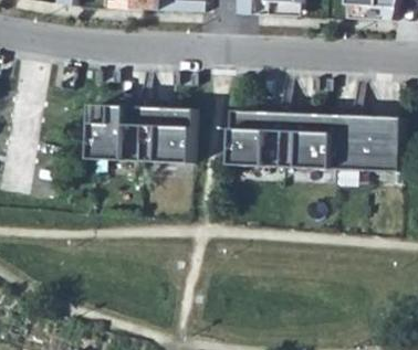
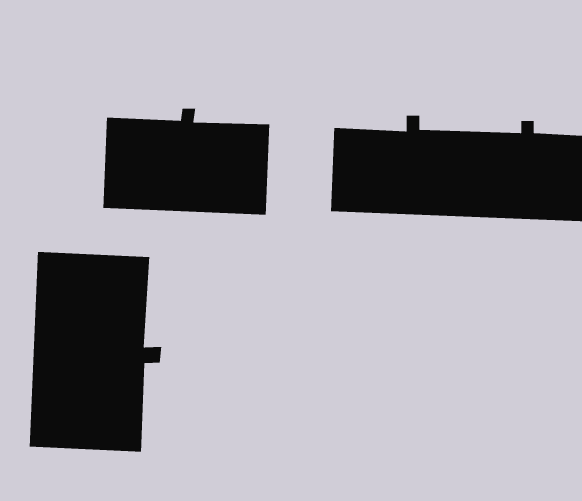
building: none -> [29,251,162,452]

